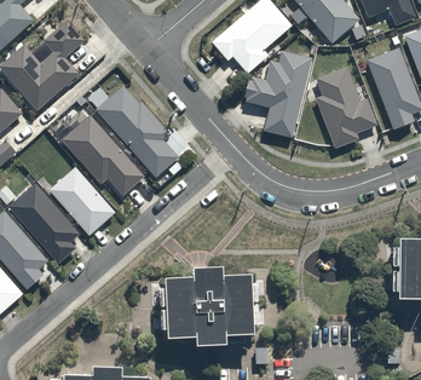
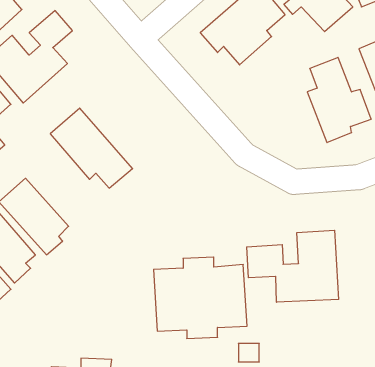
building: [242,51,312,138] -> none
building: [96,85,192,178] -> none
building: [47,165,115,235] -> none
building: none -> [247,230,339,302]

